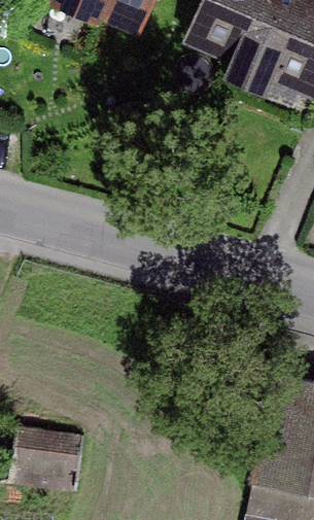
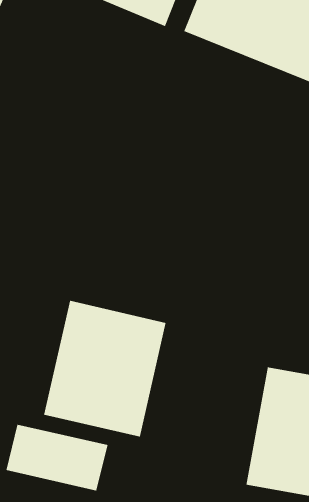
building: none -> [43,300,167,438]

